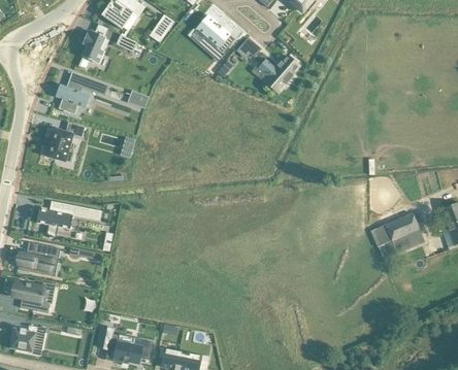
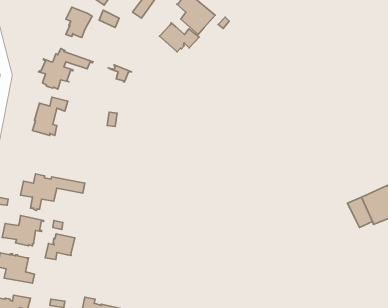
building: none -> [159,23,199,52]
building: [257,56,298,89] -> none
building: none -> [45,234,75,259]

